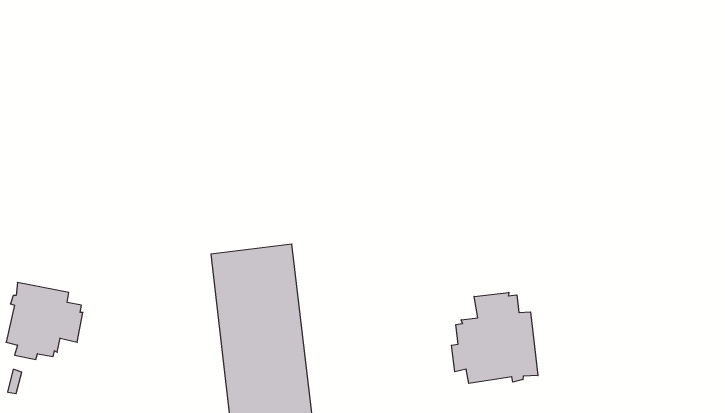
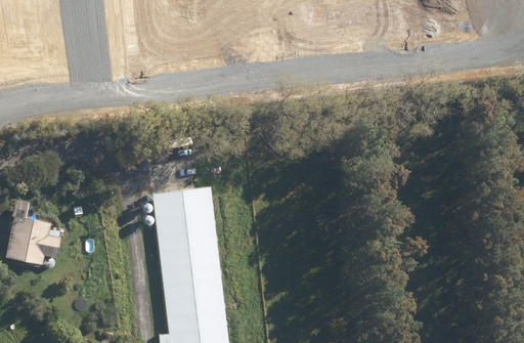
building: [451,292,538,383] -> none

